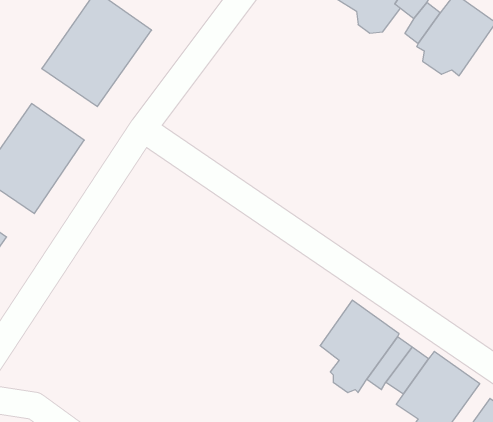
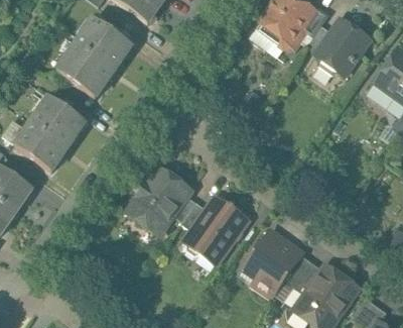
building: none -> [122,162,194,237]
building: none -> [178,193,252,268]

